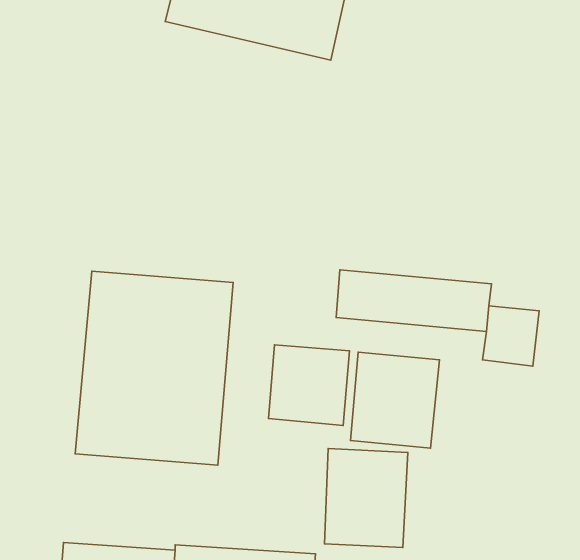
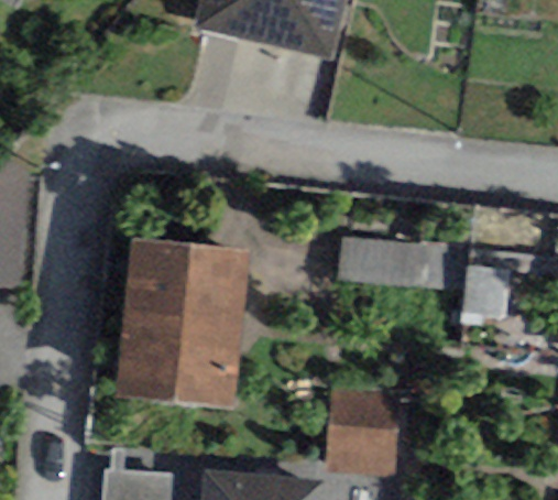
building: [268,345,349,425] -> none
building: [350,352,439,448] -> none

